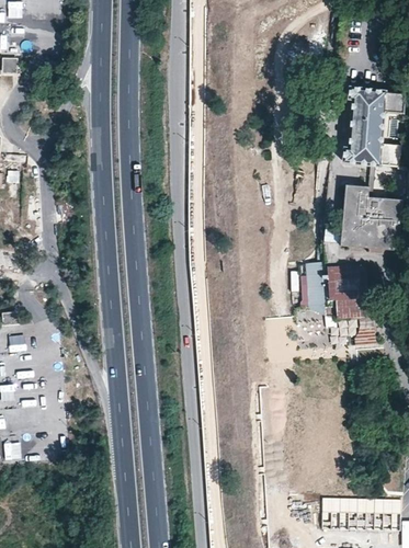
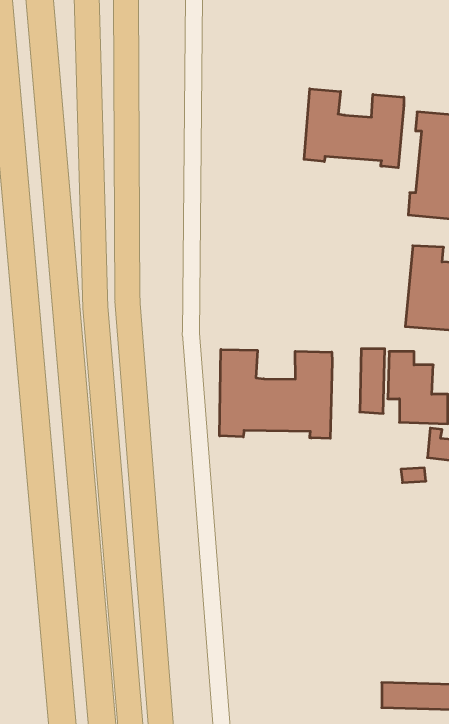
building: none -> [304,89,404,168]
building: none -> [220,349,332,438]

